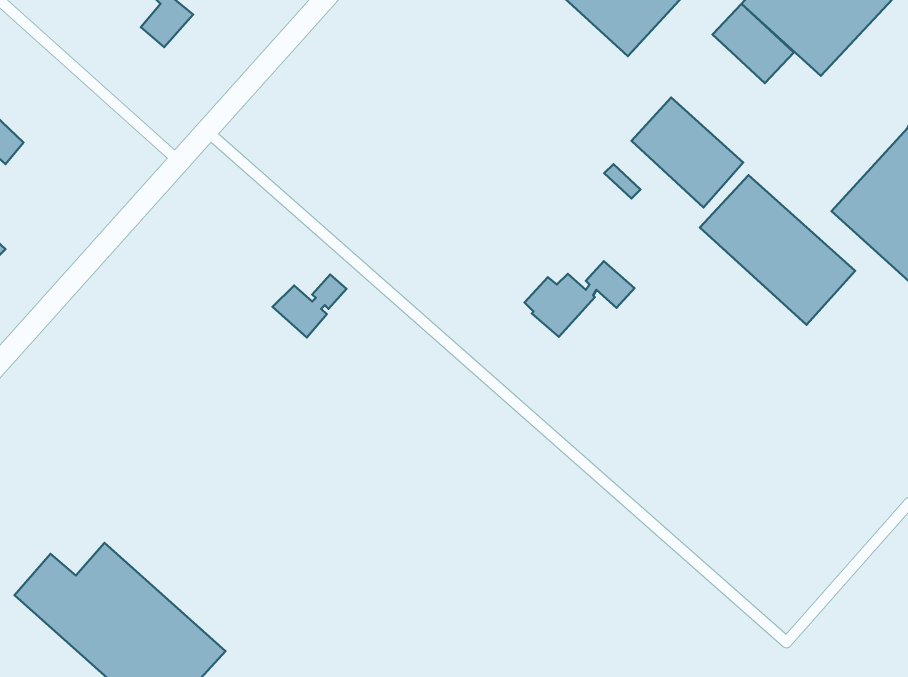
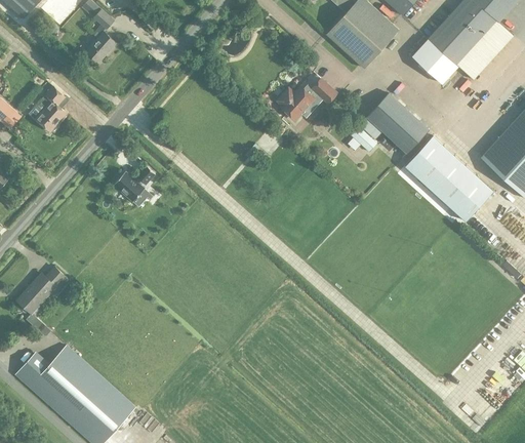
building: none -> [35,87,67,132]
building: [524,261,635,337] -> [275,78,337,121]
building: [273,275,347,338] -> [113,167,155,203]
building: none -> [16,268,68,315]

